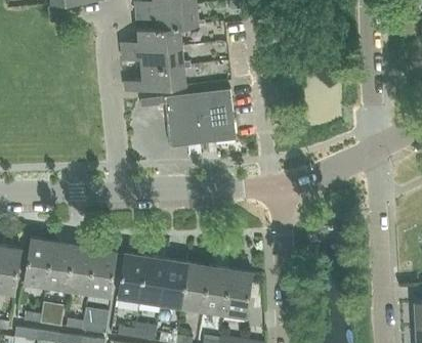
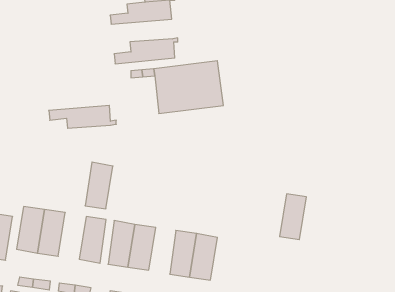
building: [120,46,189,70] -> [49,105,116,128]
building: [66,246,94,294] -> [85,162,113,209]
building: [159,261,186,309] -> none
building: [222,271,250,318] -> [280,194,306,240]

